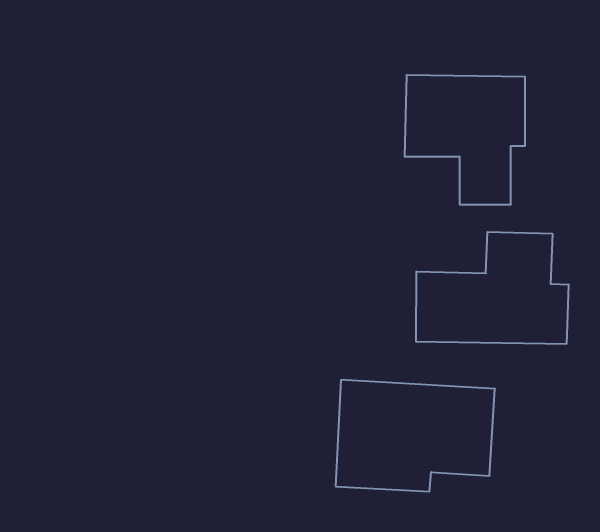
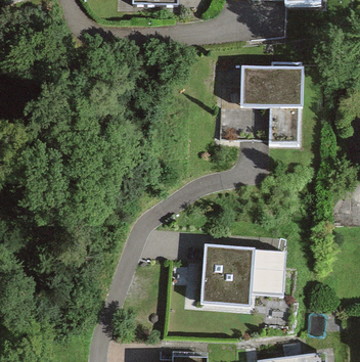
building: [416,232,569,344] -> none

